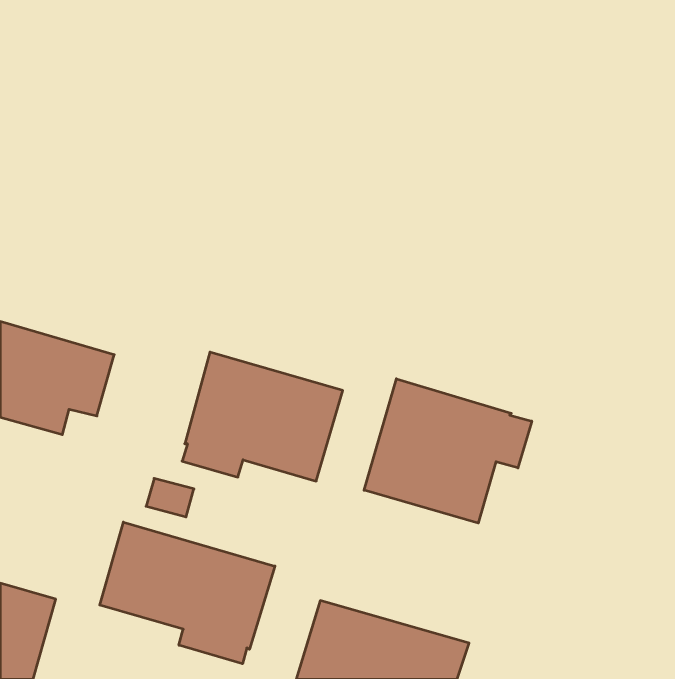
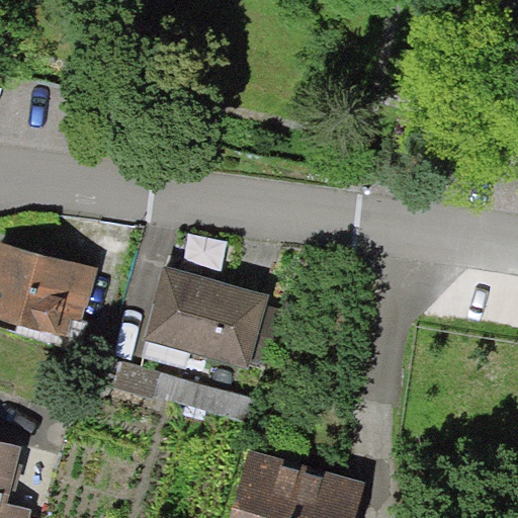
building: [364,379,532,523] -> none
building: [100,522,275,664] -> none

